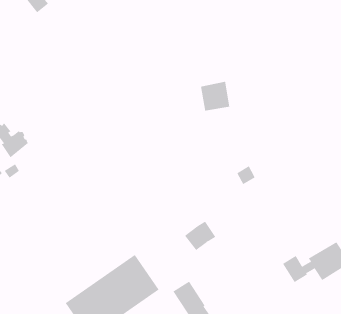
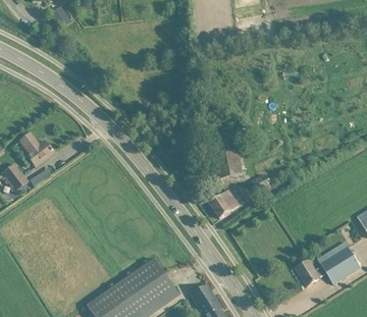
building: [200,81,230,111] -> [214,149,243,177]
building: [184,221,216,251] -> [209,189,240,217]

